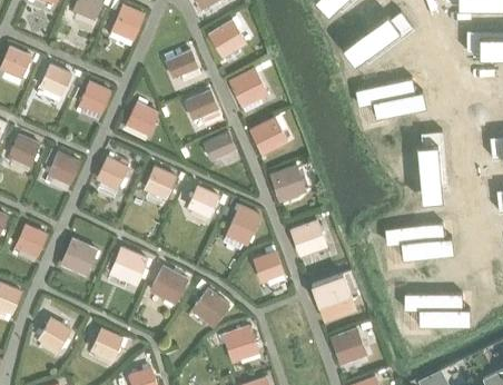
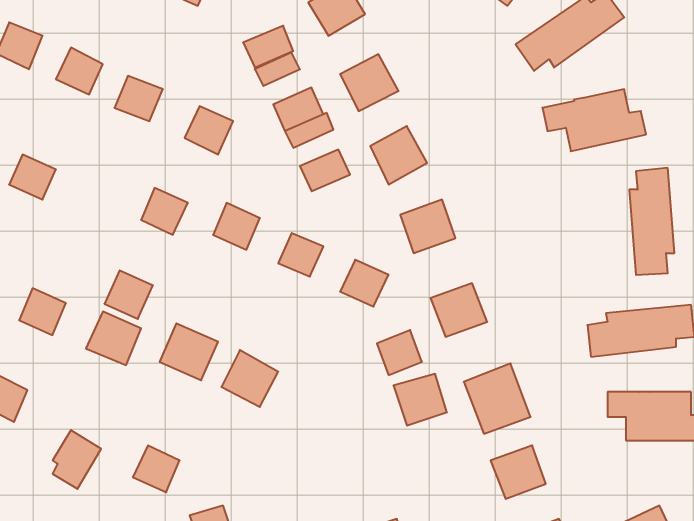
building: [48,151,80,184] -> [104,270,153,319]
building: [191,287,230,326] -> none
building: [223,326,258,361] -> [393,374,447,426]

